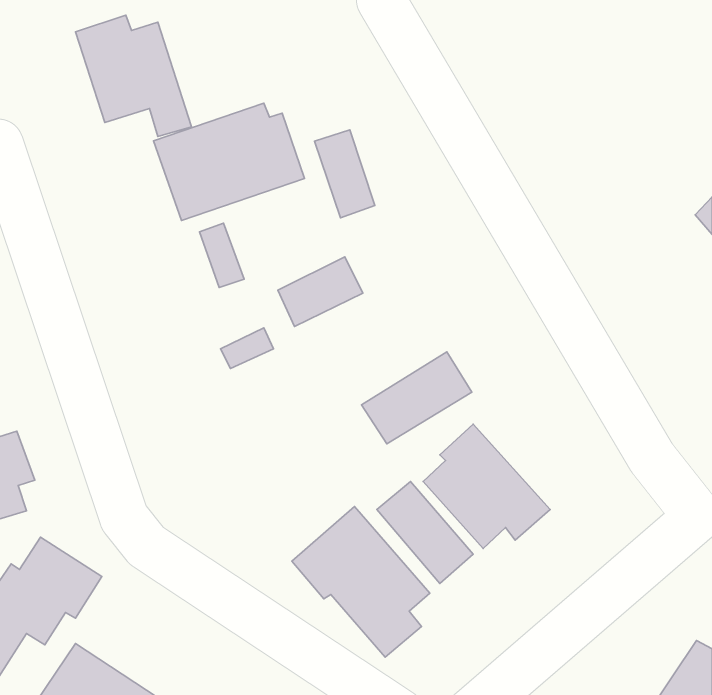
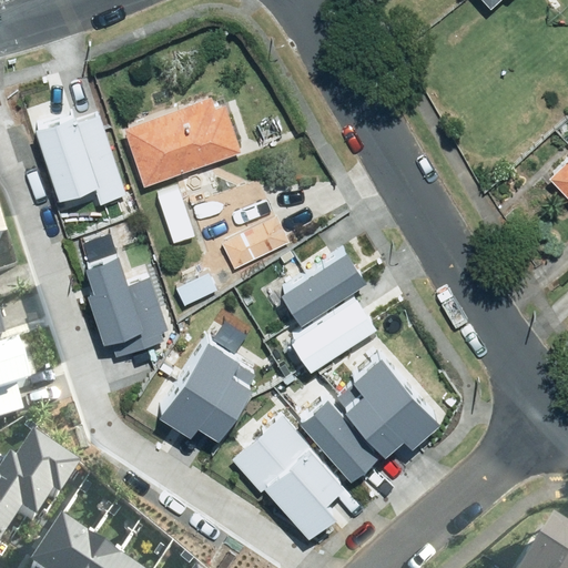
building: [76,15,191,136] -> [34,110,126,206]
building: [314,130,375,218] -> none
building: none -> [83,236,166,359]
building: none -> [280,252,364,322]
building: none -> [159,339,258,437]

